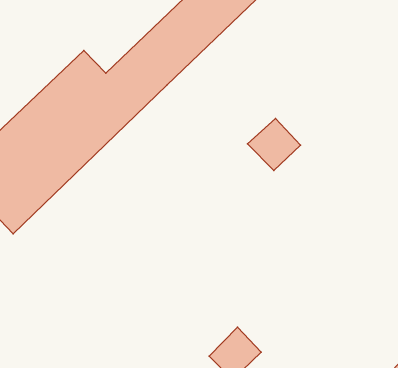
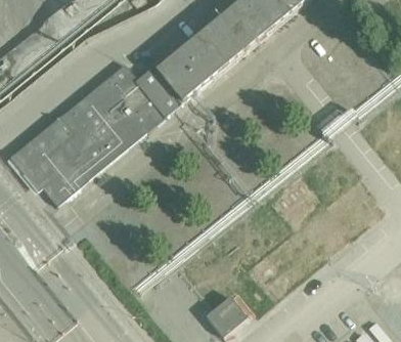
building: [248,119,300,170] -> none

